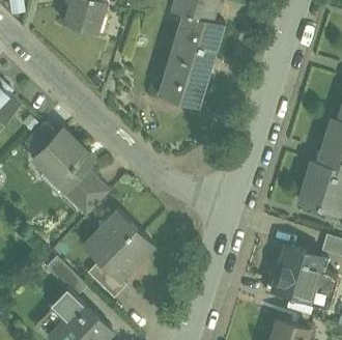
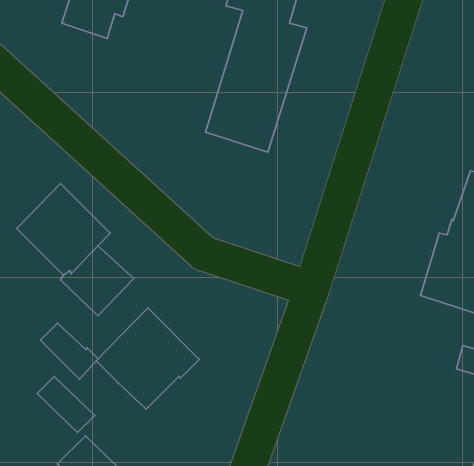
building: [265,246,330,307] -> none
building: [87,261,125,299] -> [41,323,98,379]

